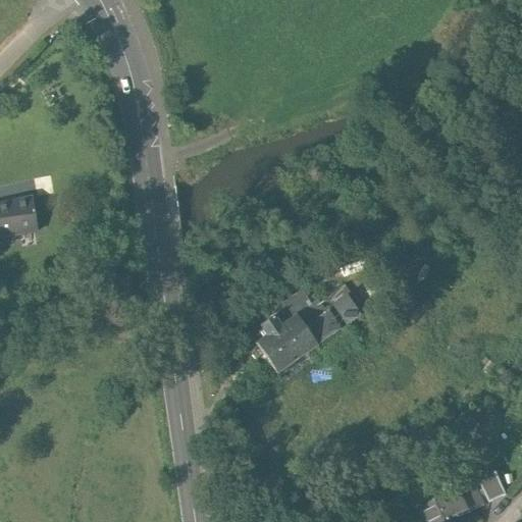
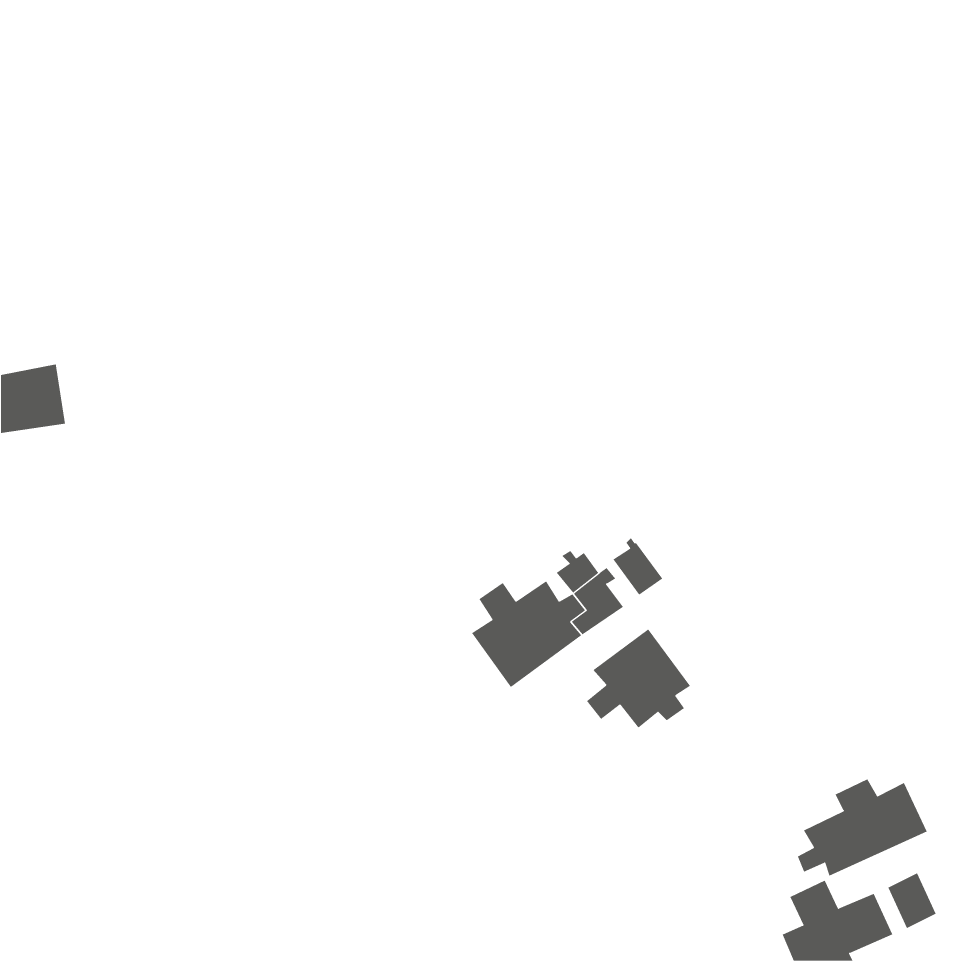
building: none -> [586,628,691,728]
building: none -> [797,778,928,877]

